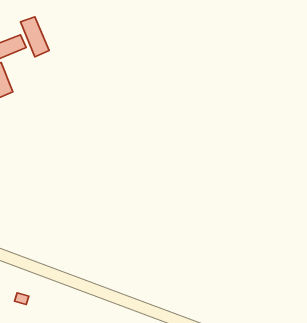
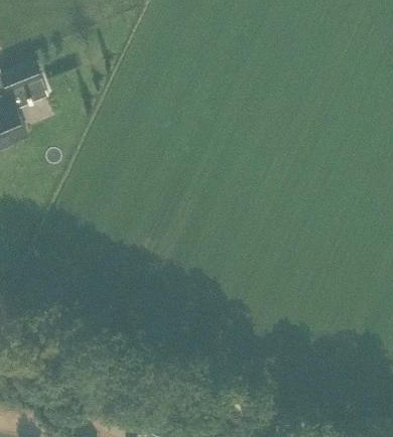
building: [21,17,49,57] -> none

